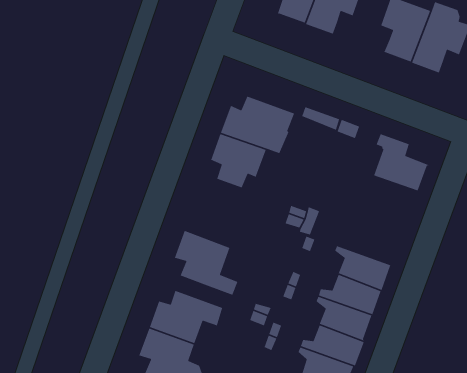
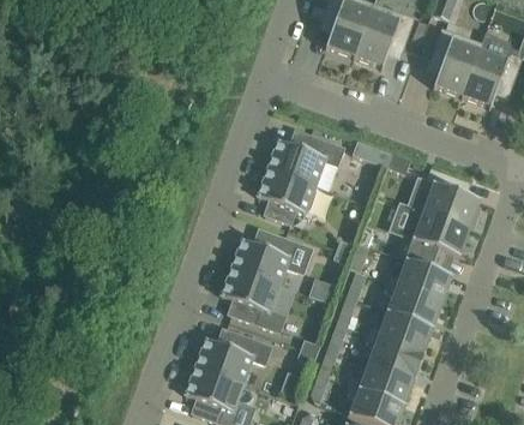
building: none -> [400,209,470,261]
building: none -> [231,228,313,285]
building: none -> [386,258,453,303]

